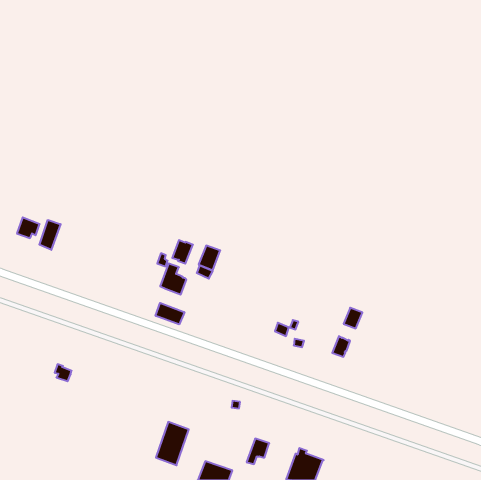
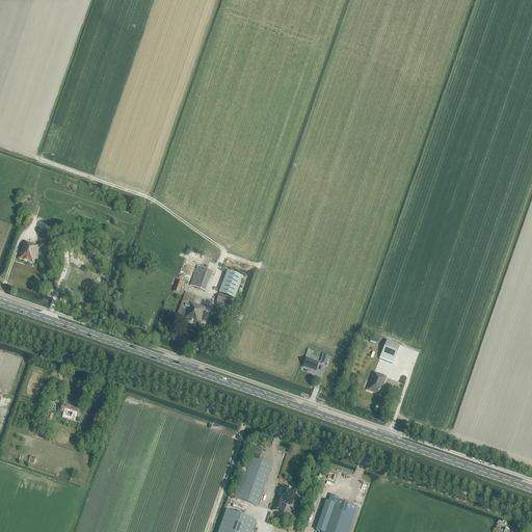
building: [39,220,61,250] -> none
building: [156,303,184,324] -> none
building: [156,422,189,465] -> [235,457,271,505]

